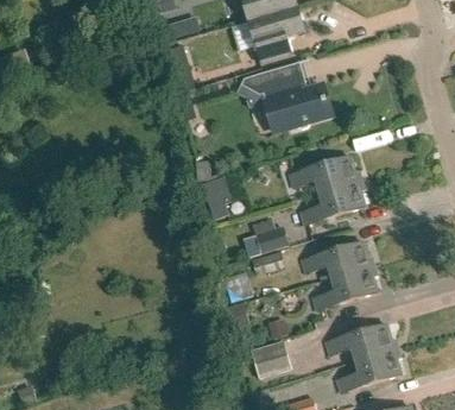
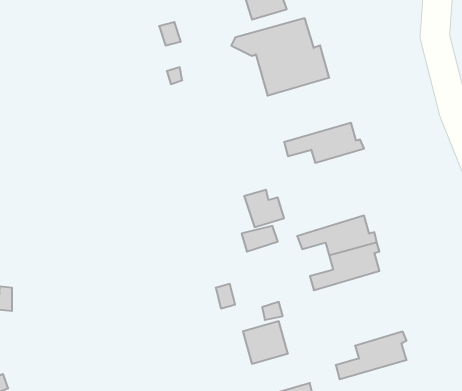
building: [201,176,232,219] -> none
building: [299,179,365,225] -> none
building: [326,324,398,361] -> none

